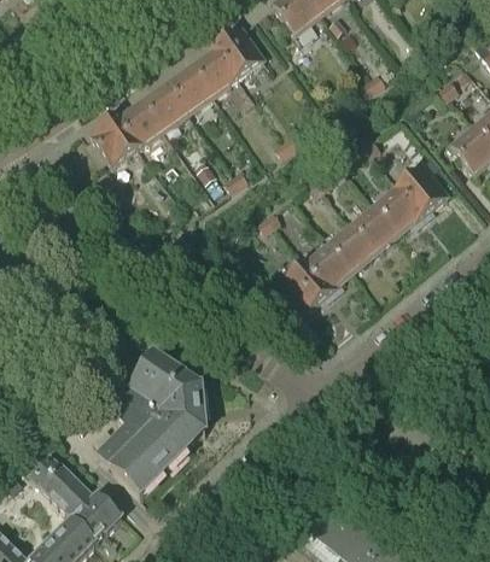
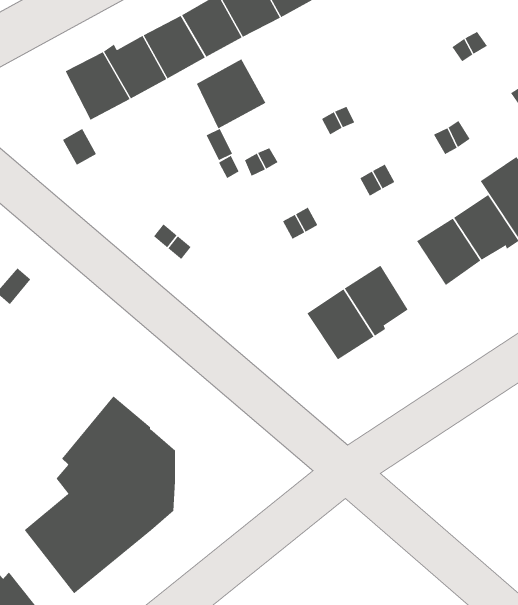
building: none -> [196,58,266,129]
building: [327,223,374,271] -> none

